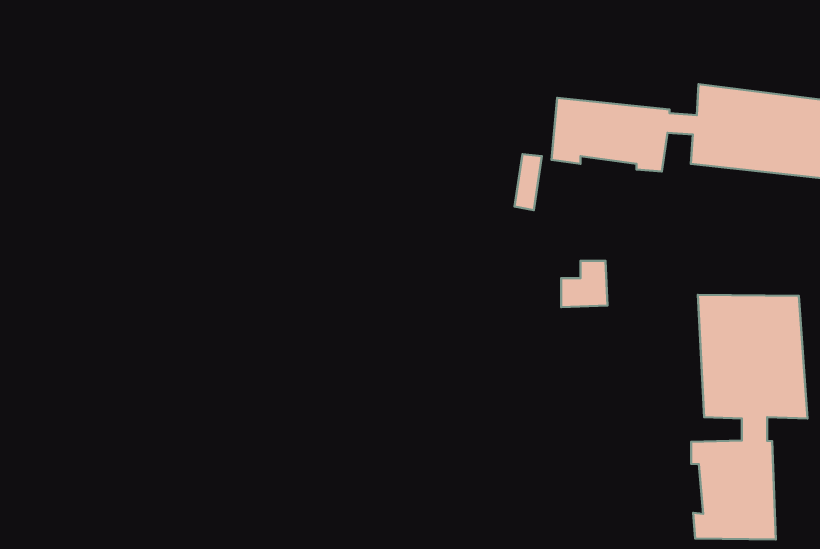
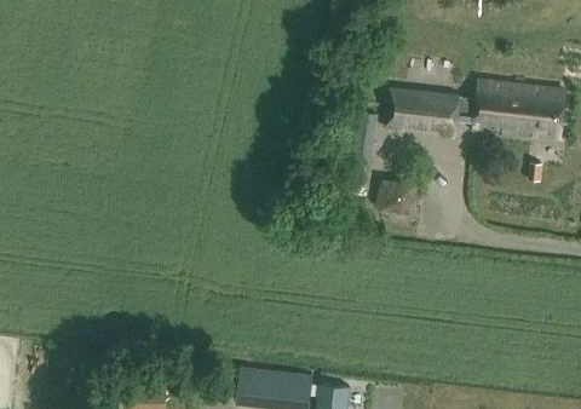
building: [691,295,808,540] -> none

